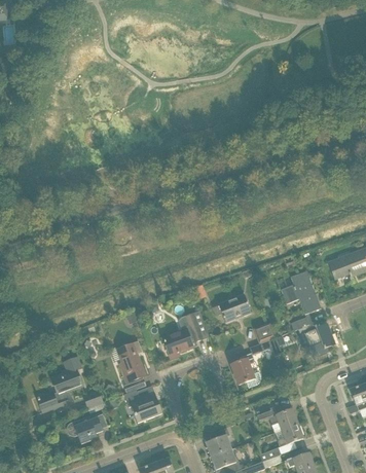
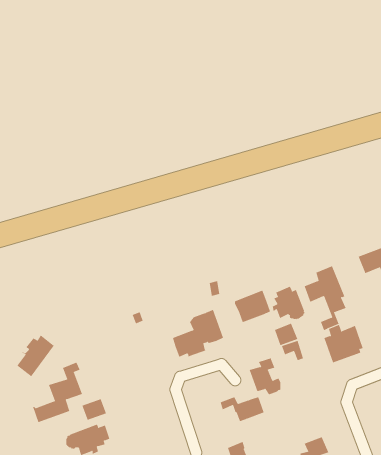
building: none -> [272,286,305,320]
building: none -> [17,335,55,377]
building: [117,341,143,380] -> none
building: [123,390,161,422] -> none
building: [257,409,297,432] -> [220,396,265,422]

